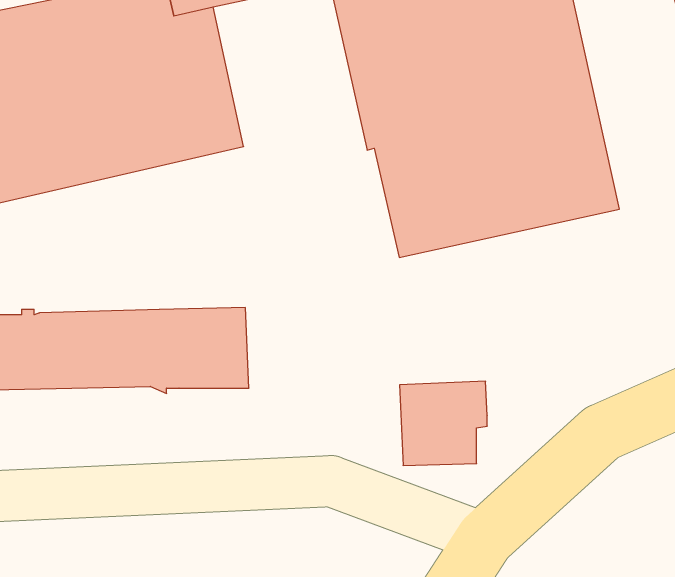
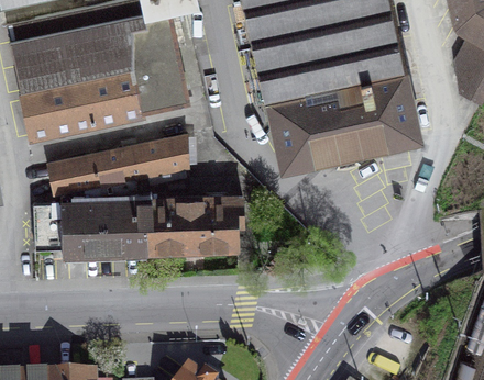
building: none -> [47,134,187,201]
building: [400,381,487,465] -> [188,195,242,247]

